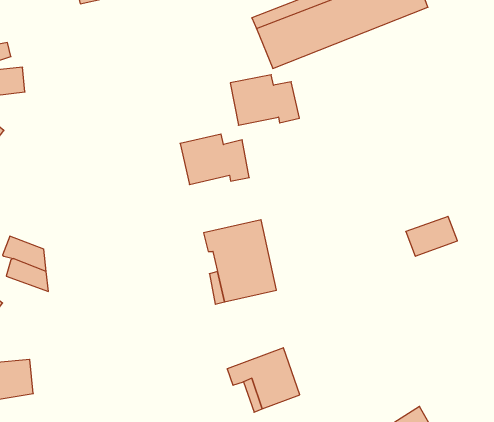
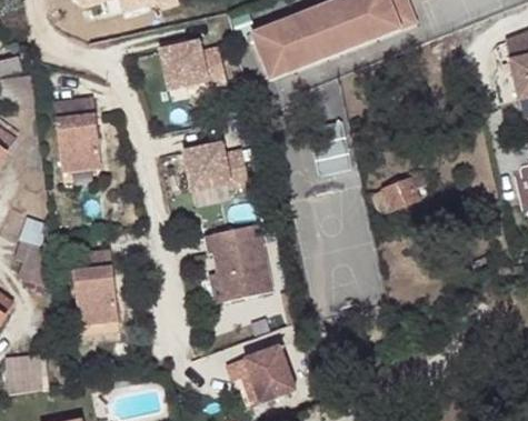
building: [230,75,299,125] -> [160,40,226,88]
building: none -> [53,97,101,171]
building: [406,216,457,256] -> [372,176,421,213]
building: none -> [70,249,118,323]

